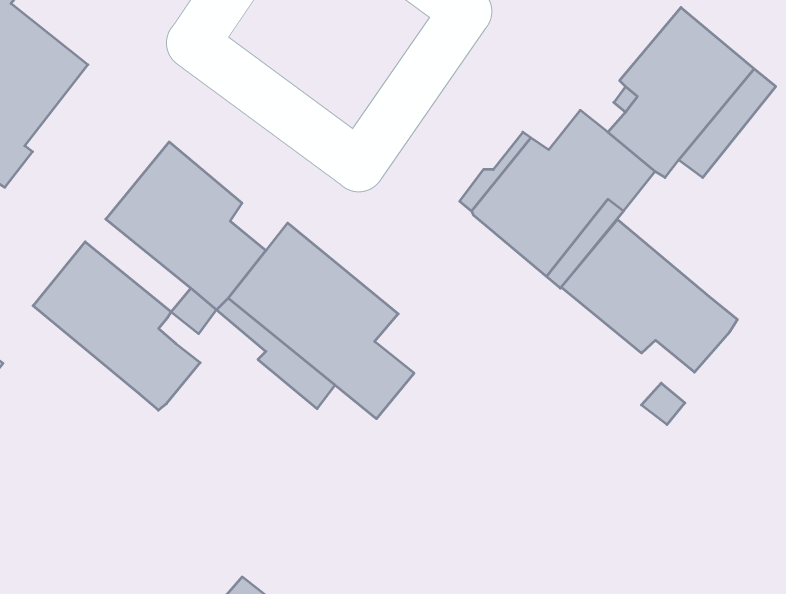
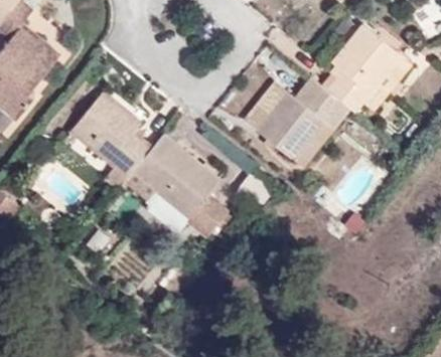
building: [561,220,737,372] -> none
building: [33,242,200,410] -> none

